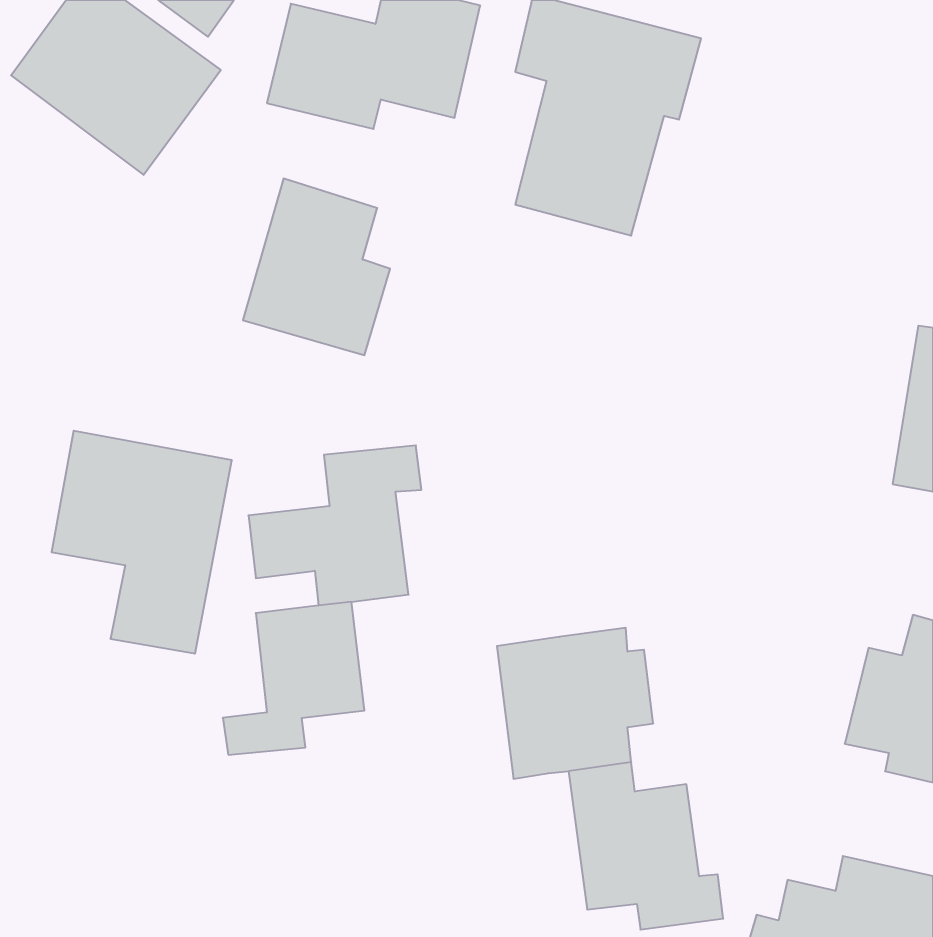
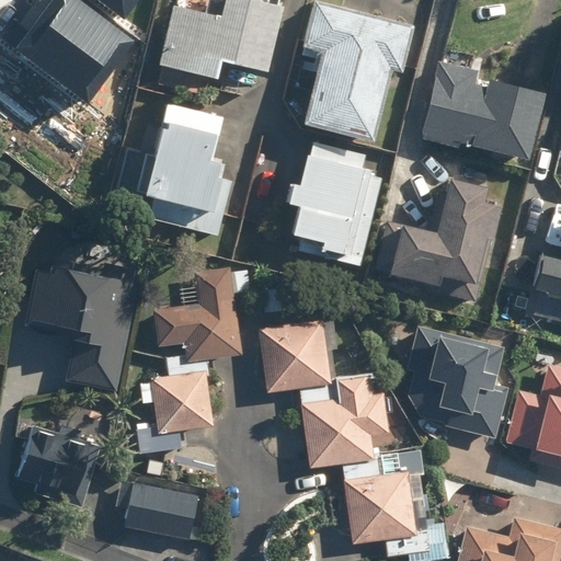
building: none -> [421,67,547,161]
building: none -> [284,154,377,264]
building: none -> [374,175,506,285]
building: none -> [257,316,333,390]
building: none -> [401,323,511,437]
building: none -> [15,419,92,500]
building: none -> [126,483,194,538]

